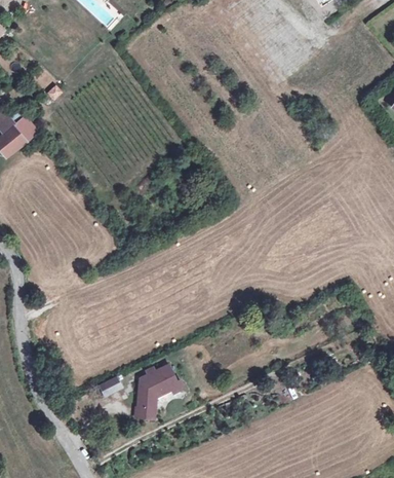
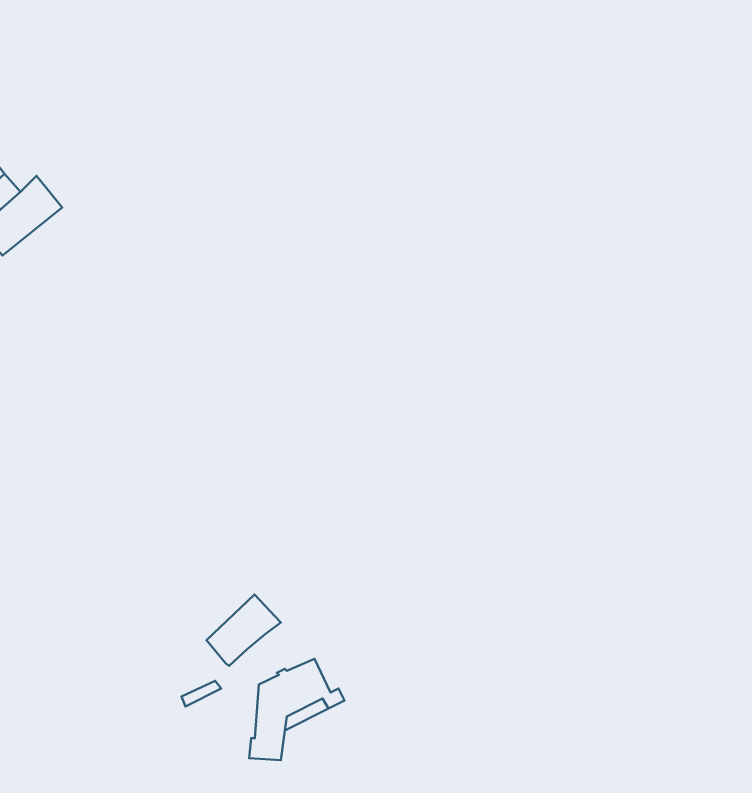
building: none -> [206,594,281,666]

